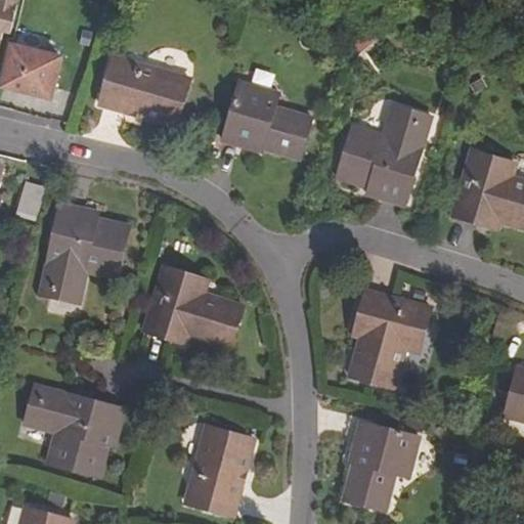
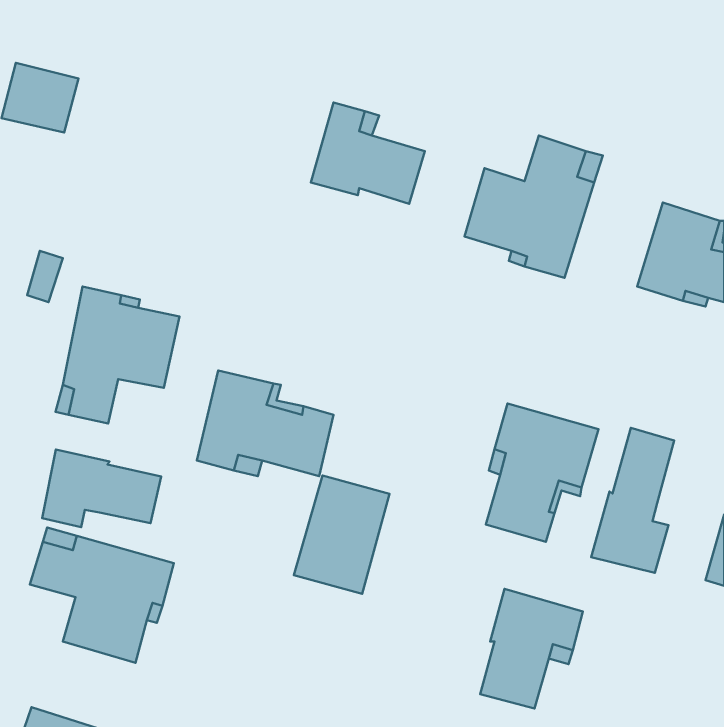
building: [97,55,188,123] -> none
building: none -> [591,428,674,573]
building: none -> [42,450,161,527]
building: [183,432,252,517] -> [294,475,389,594]

